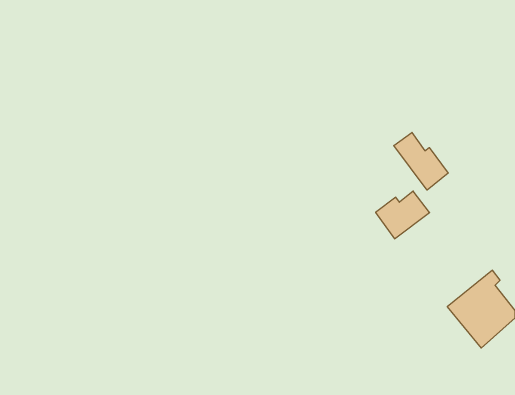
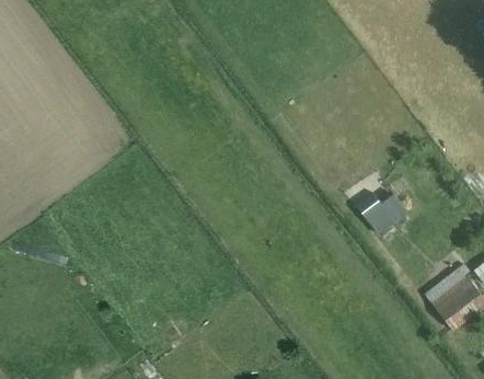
building: [394,132,448,190] -> none

